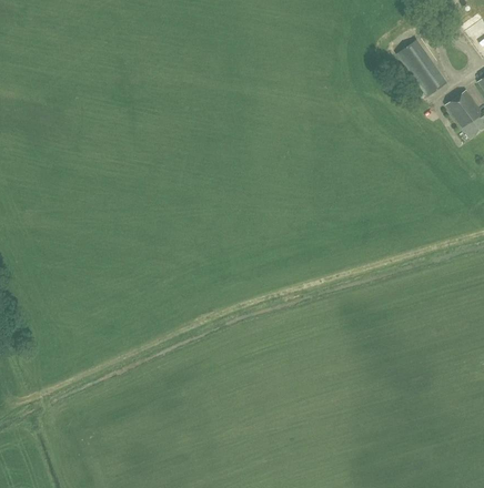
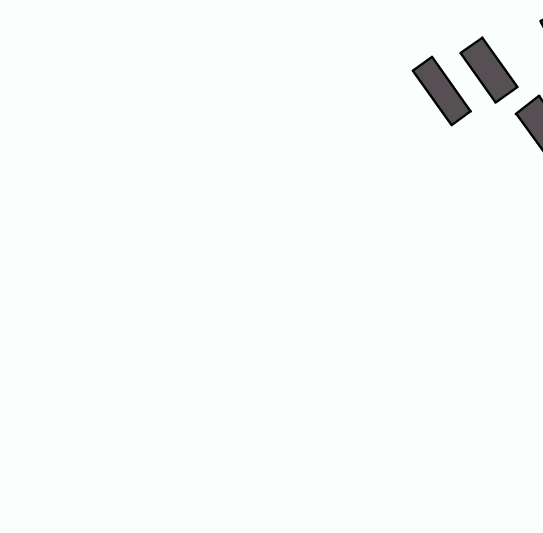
building: none -> [413,57,471,125]

